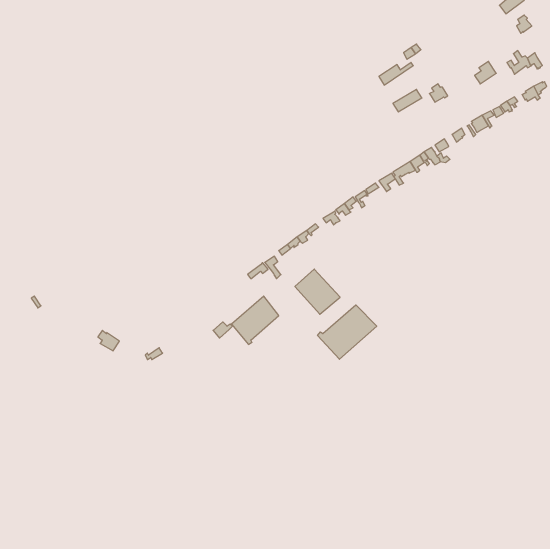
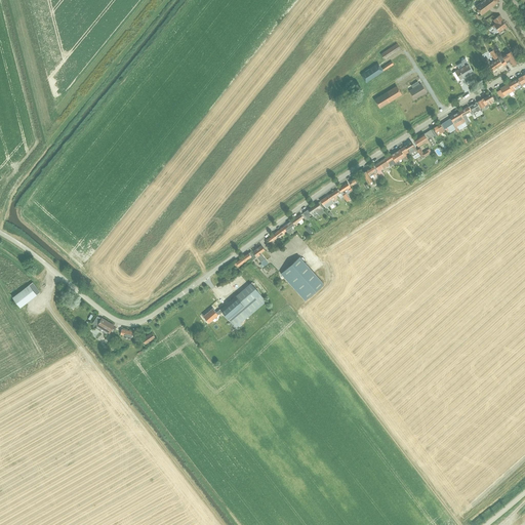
building: [318,305,377,359] -> none

